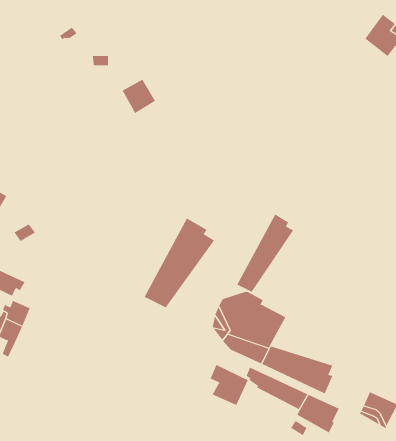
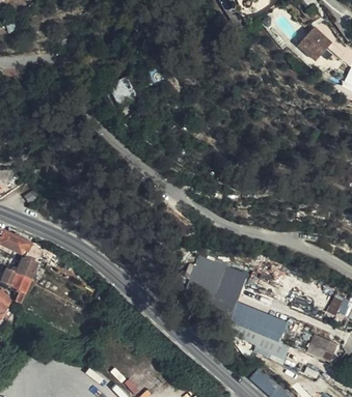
building: [237,214,294,292] -> none
building: [144,218,215,308] -> none
building: [210,364,249,406] -> none

